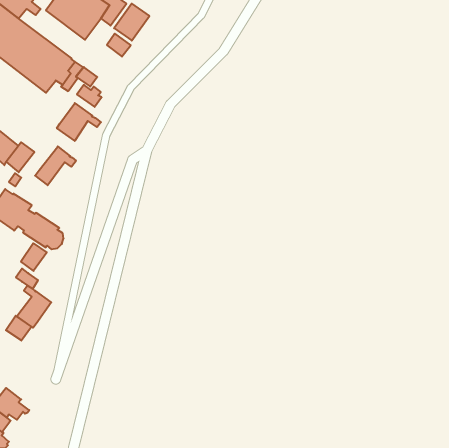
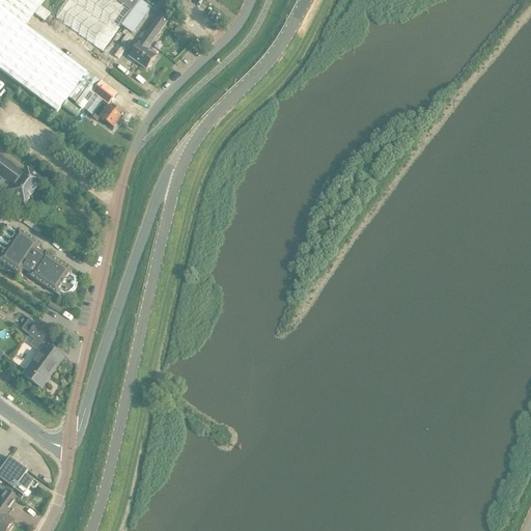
building: [57,103,101,141] -> none
building: [35,146,76,185] -> none
building: [21,243,47,271] -> none
building: [6,316,31,341] -> none

